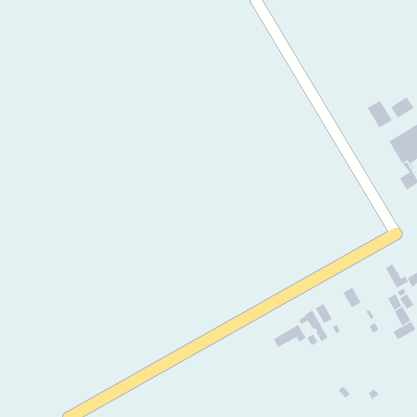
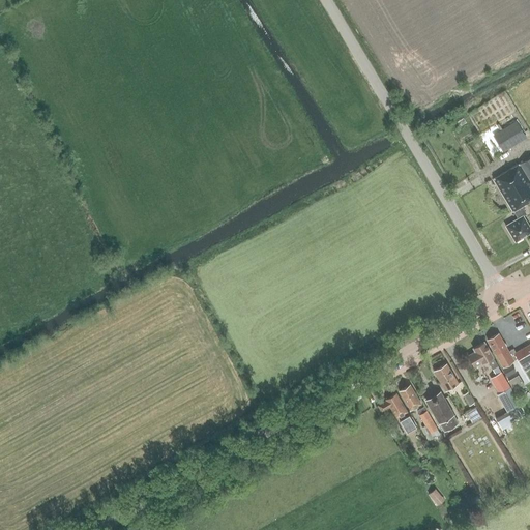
building: [367,100,393,128] -> none
building: none -> [468,343,499,372]
building: none -> [428,393,459,432]
building: [273,324,307,348] -> none

